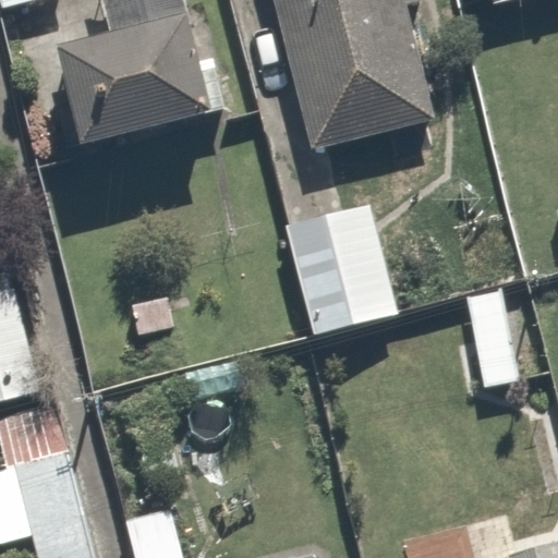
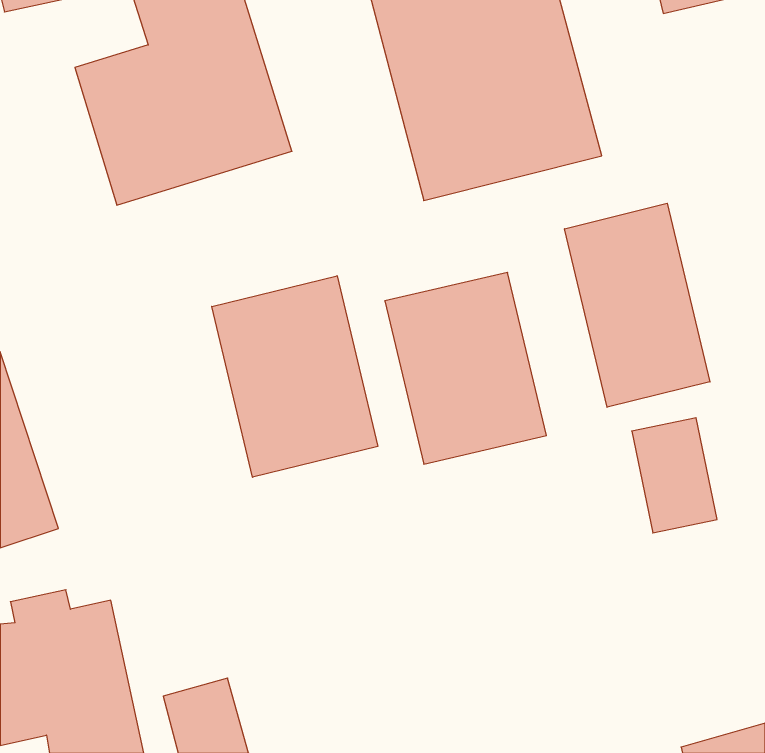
building: none -> [565,203,710,407]
building: none -> [212,276,378,477]

